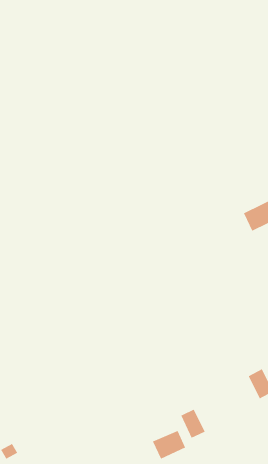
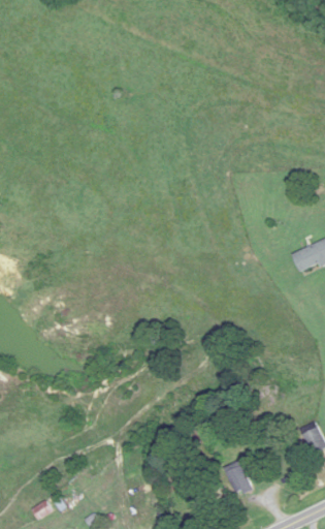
building: [152,430,186,460] -> none

